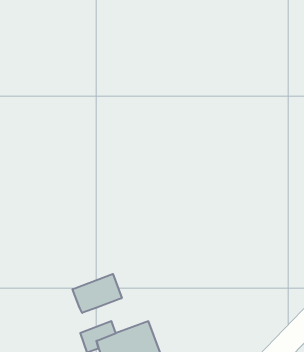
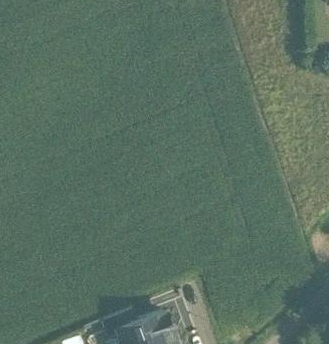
building: [73,274,122,313] -> none

